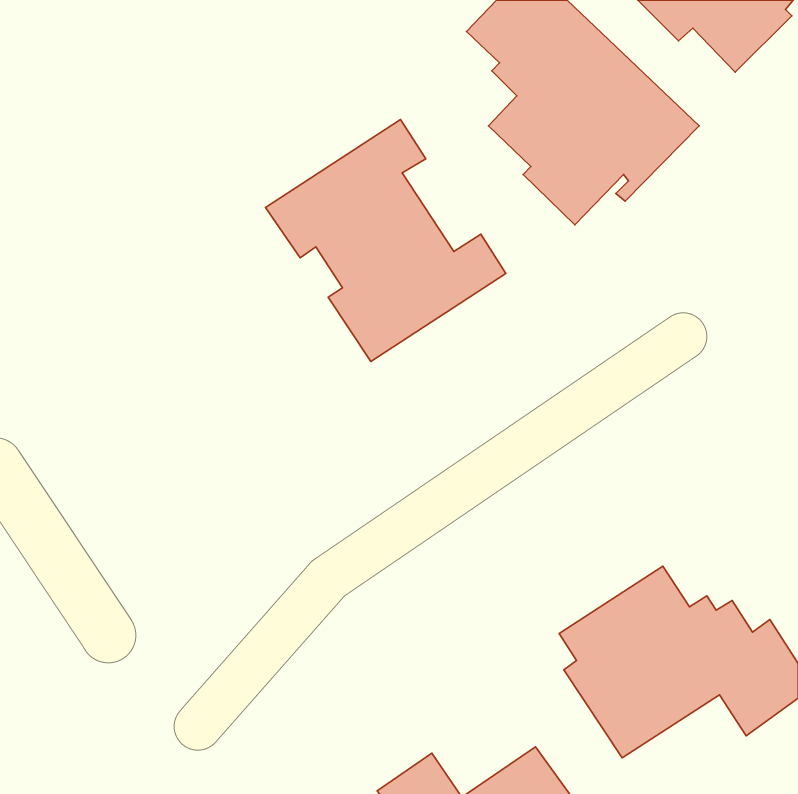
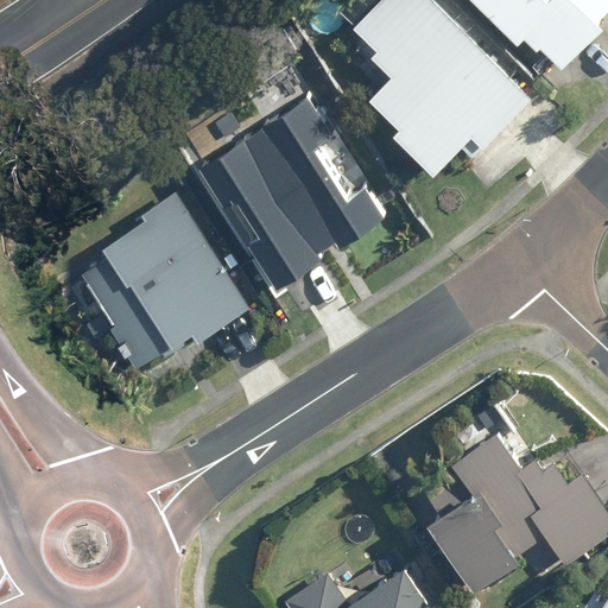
building: none -> [83,191,246,368]

